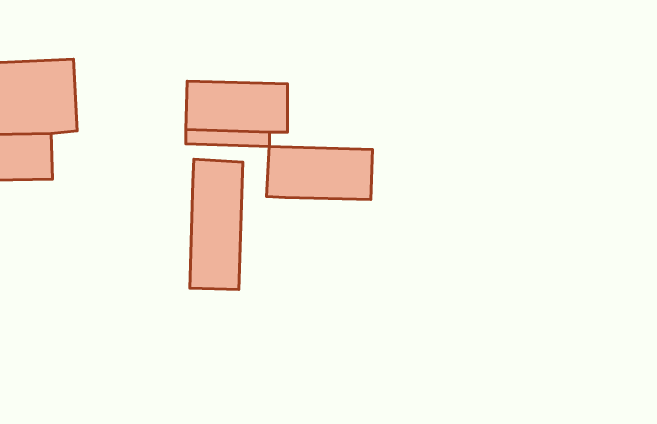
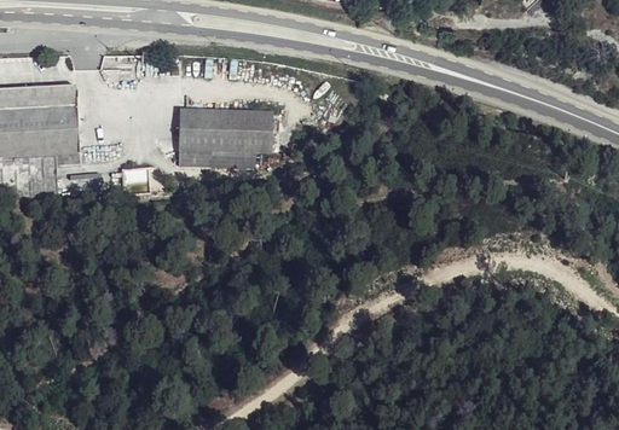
building: [266,146,372,200] -> none
building: [190,159,243,290] -> none

